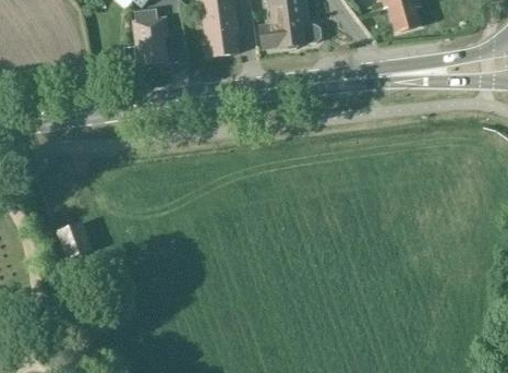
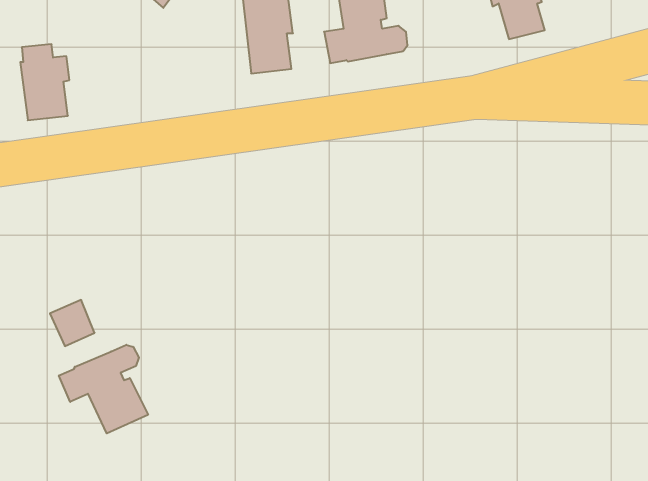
building: [134,10,170,65] -> [20,44,69,120]
building: none -> [59,345,148,433]

